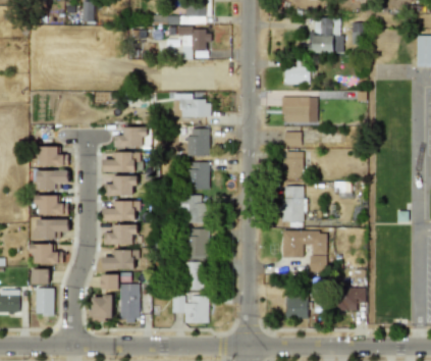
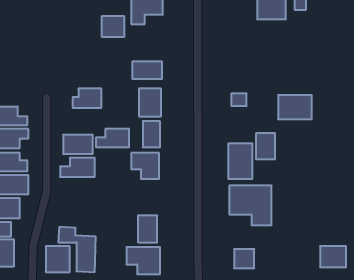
building: none -> [102,16,124,37]
building: [284,60,310,85] -> none
building: [281,97,317,122] -> [278,95,312,119]
building: [283,152,304,179] -> [256,133,275,159]
building: [103,153,139,172] -> [96,129,129,147]
building: [103,225,137,245] -> none
building: [186,228,209,257] -> none
building: [102,250,139,270] -> none
building: [338,288,366,310] -> [320,246,346,267]

